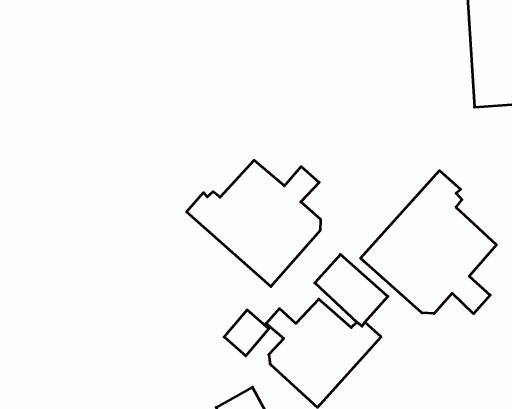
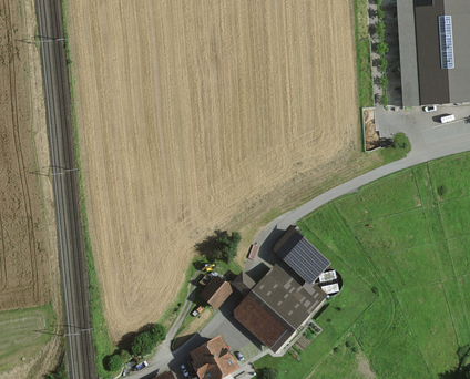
building: [187,160,320,287] -> none
building: [361,171,496,314] -> none

